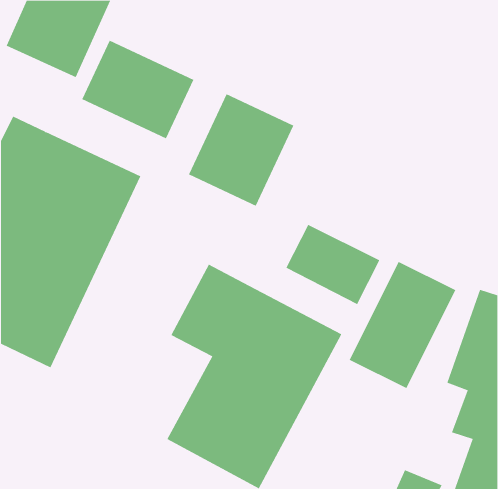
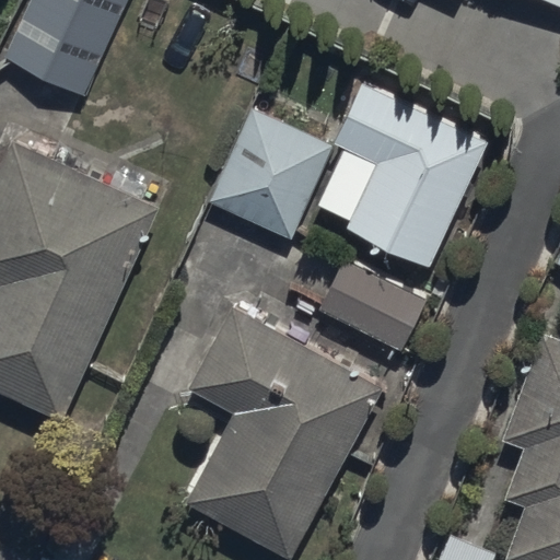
building: [82,40,194,139] -> none
building: none -> [335,81,488,260]
building: [349,261,456,389] -> none

